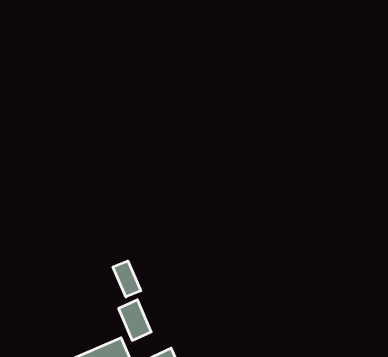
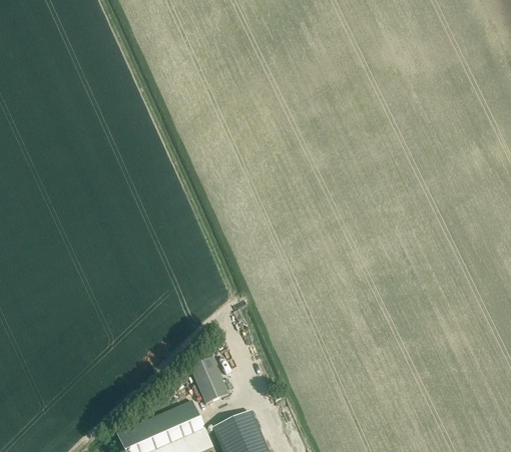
building: [113,261,141,297] -> none

